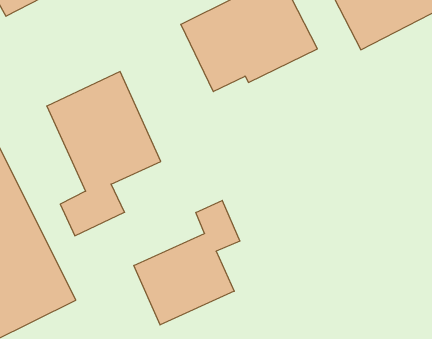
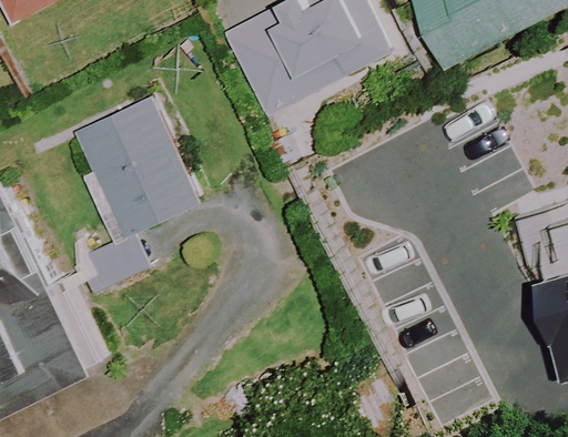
building: [134,200,240,325] -> none

